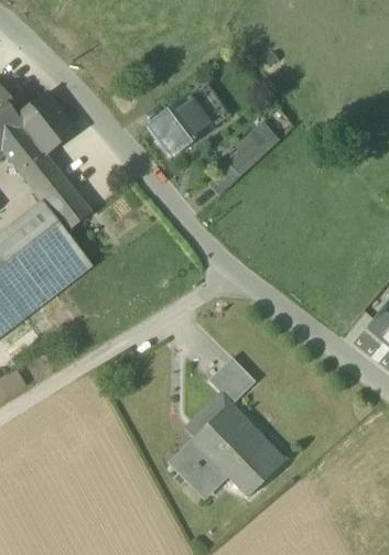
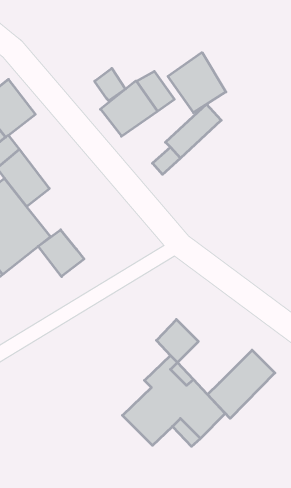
building: none -> [168,53,226,113]
building: none -> [95,68,126,101]
building: none -> [38,230,84,277]
building: none -> [208,350,275,418]

